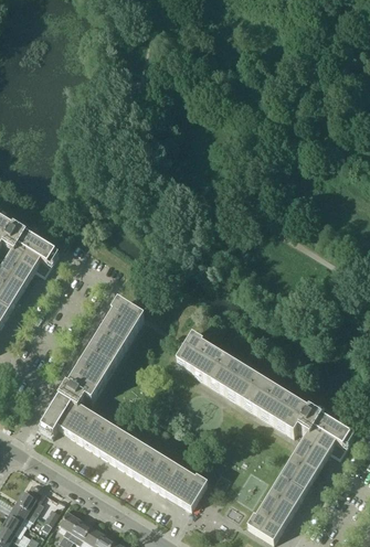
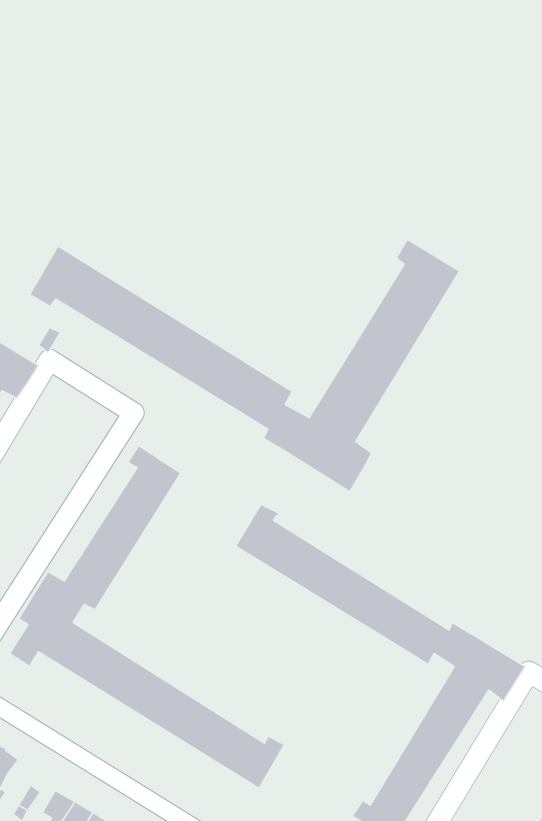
building: none -> [29,239,461,492]

